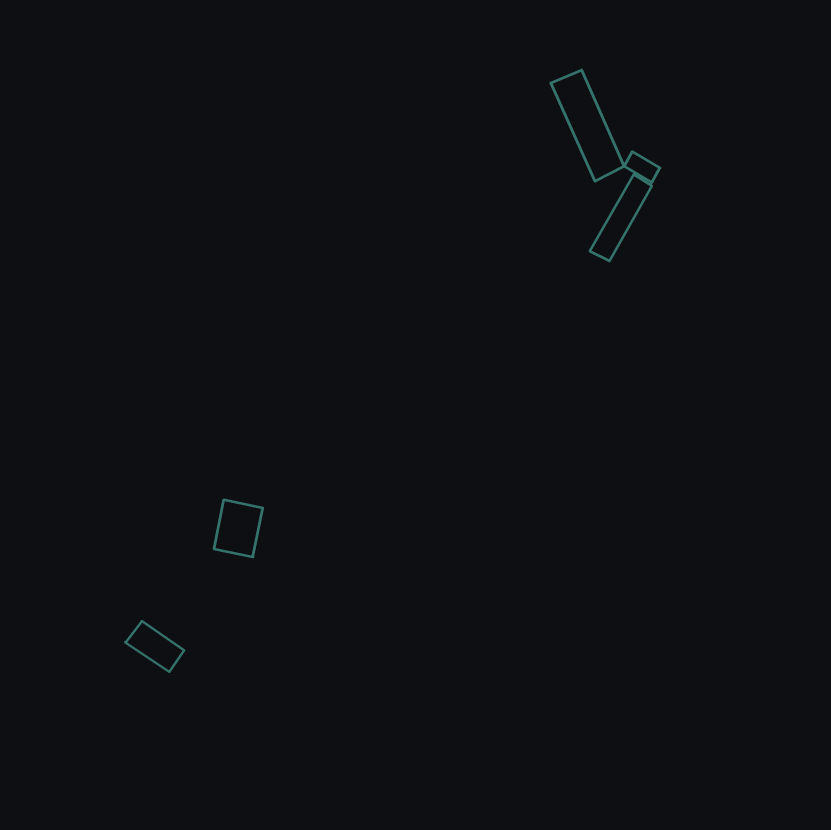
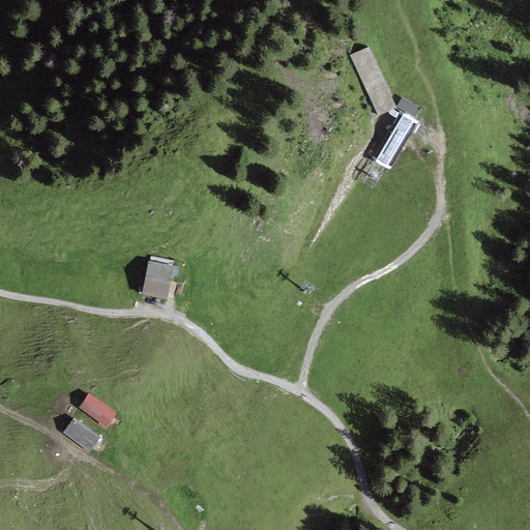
building: [214,500,263,557] -> [144,260,175,296]
building: none -> [63,418,98,451]

